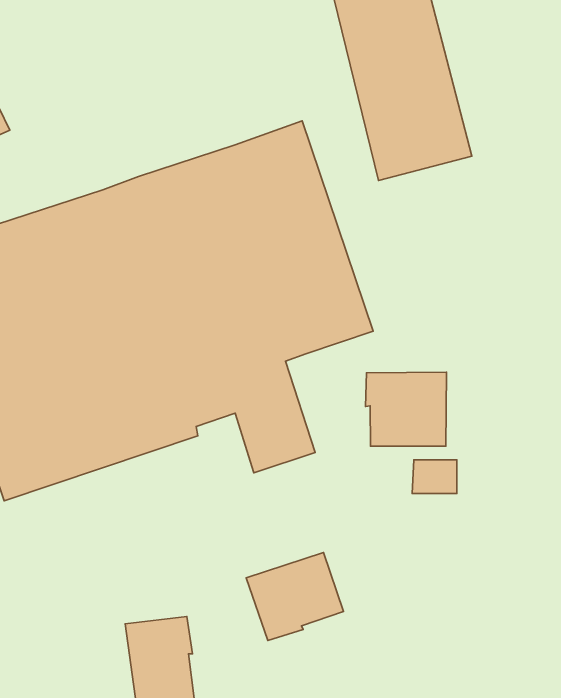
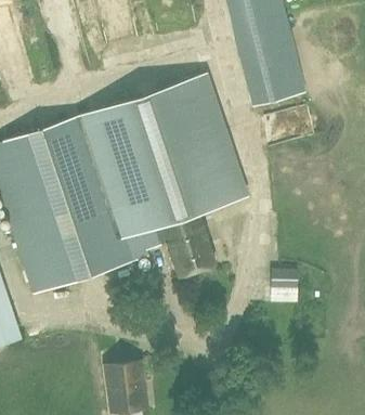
building: [366,372,446,446] -> none
building: [246,552,343,641] -> none

